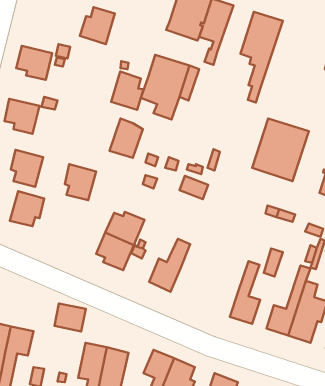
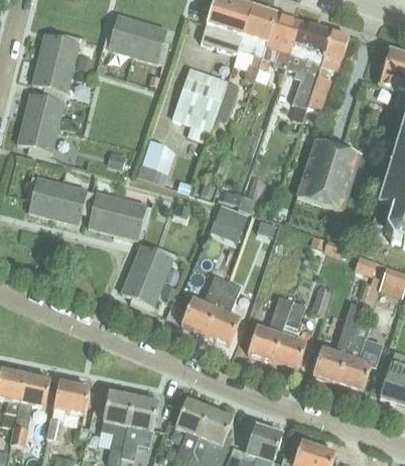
building: none -> [257,12,298,68]
building: none -> [37,29,79,66]
building: none -> [305,29,348,111]
building: [111,71,144,110] -> [132,21,168,65]
building: none -> [23,91,64,125]
building: none -> [112,199,151,238]
building: [10,191,44,226] -> [52,183,91,222]
building: none -> [205,280,240,344]
building: none -> [247,295,292,362]
building: [54,304,86,331] -> [53,381,89,413]

